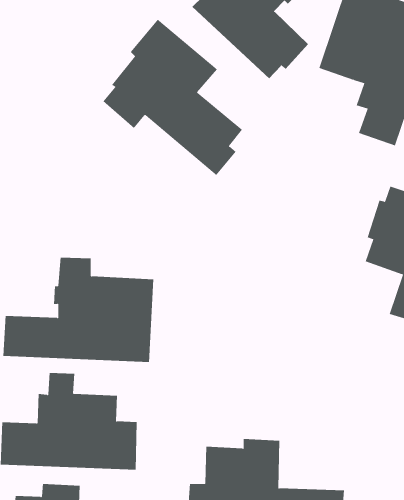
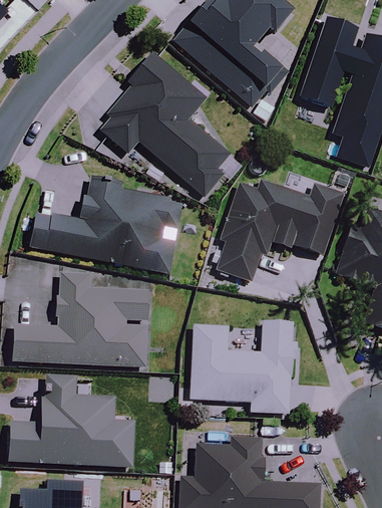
building: none -> [28,178,181,272]
building: none -> [218,182,342,279]
building: none -> [181,319,296,413]

